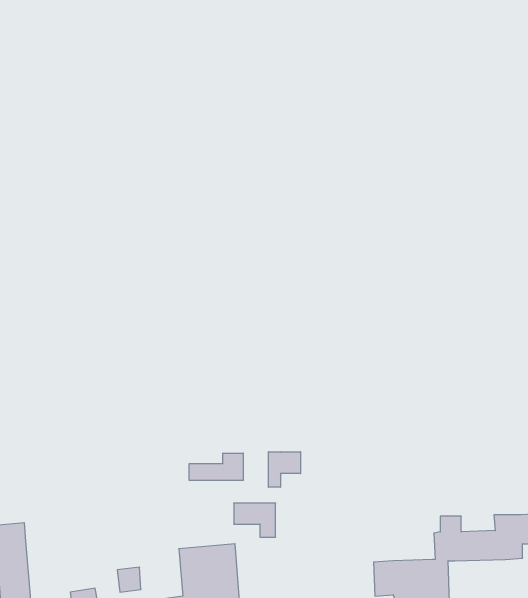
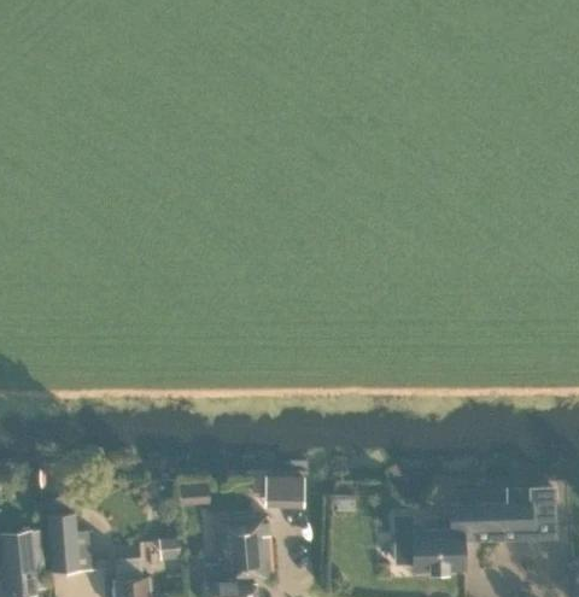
building: [268,452,301,487] -> none
building: [189,453,243,480] -> none

